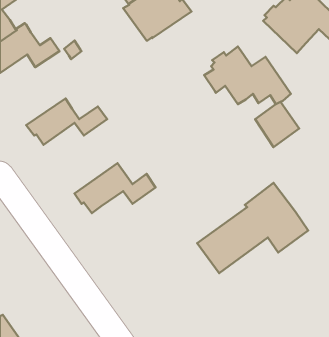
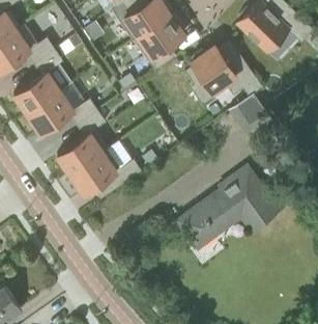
building: none -> [134,14,184,71]
building: none -> [15,49,63,115]
building: none -> [57,110,107,177]

